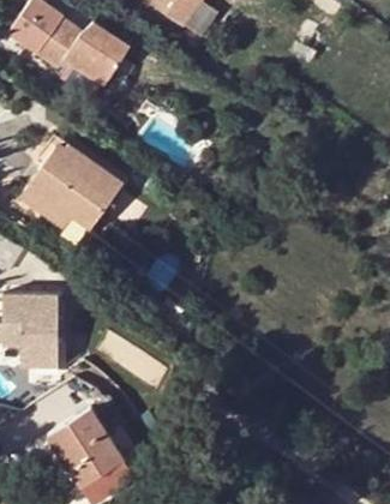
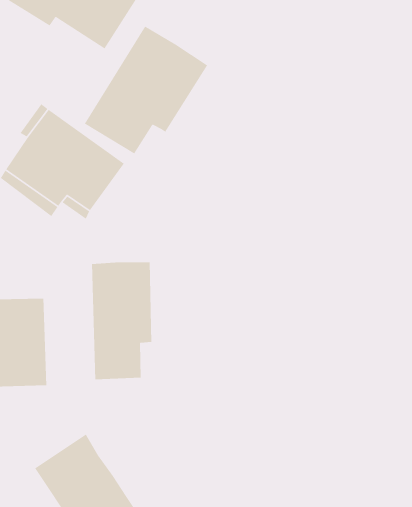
building: none -> [84,26,208,154]
building: none -> [91,262,152,380]

